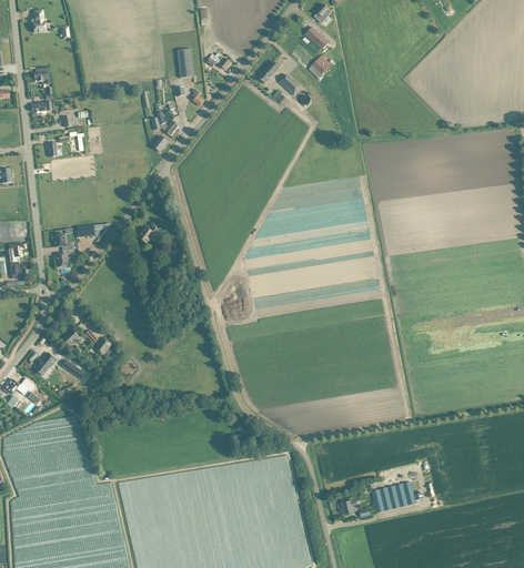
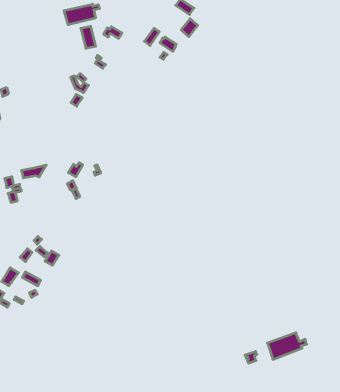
building: none -> [64,4,99,25]

